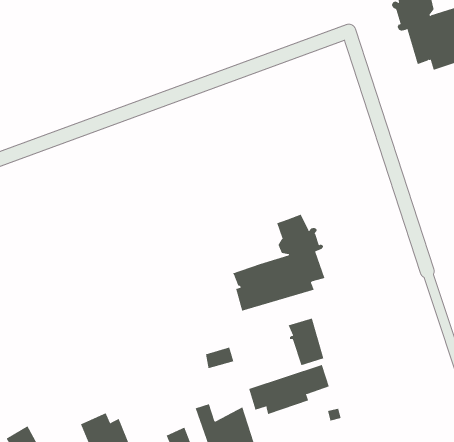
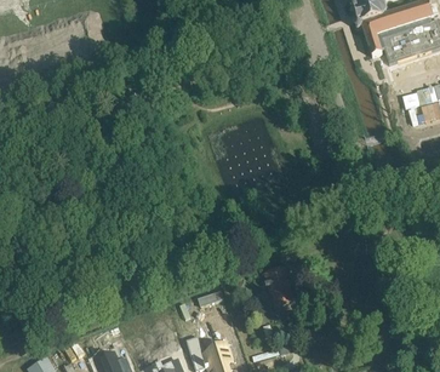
building: [232,214,325,312] -> none
building: [249,364,330,415] -> none

